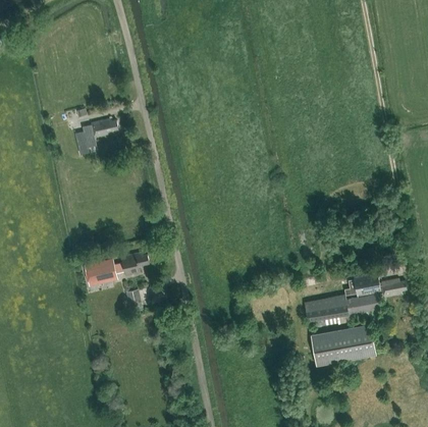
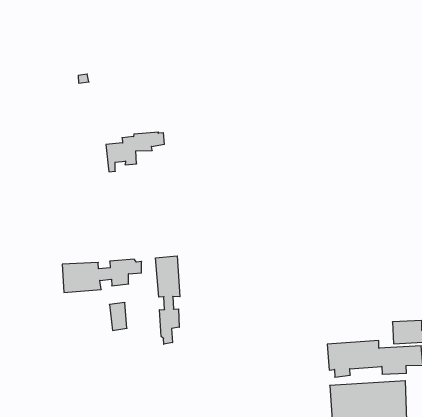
building: [71,119,118,156] -> [106,132,164,172]
building: none -> [156,256,180,344]

